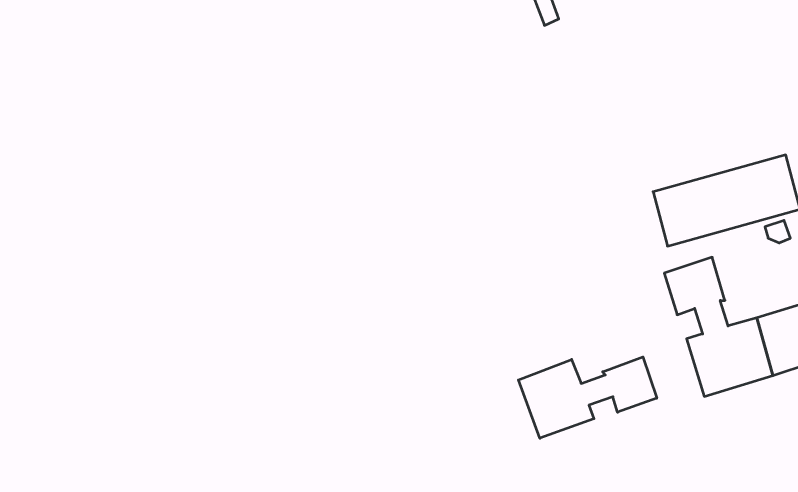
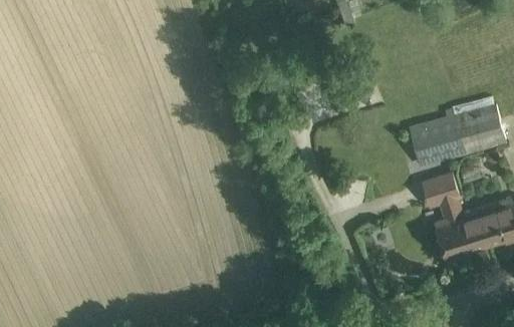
building: [518,357,657,438] -> none

